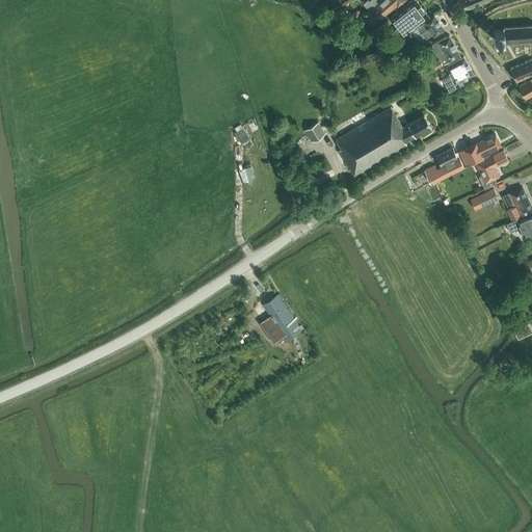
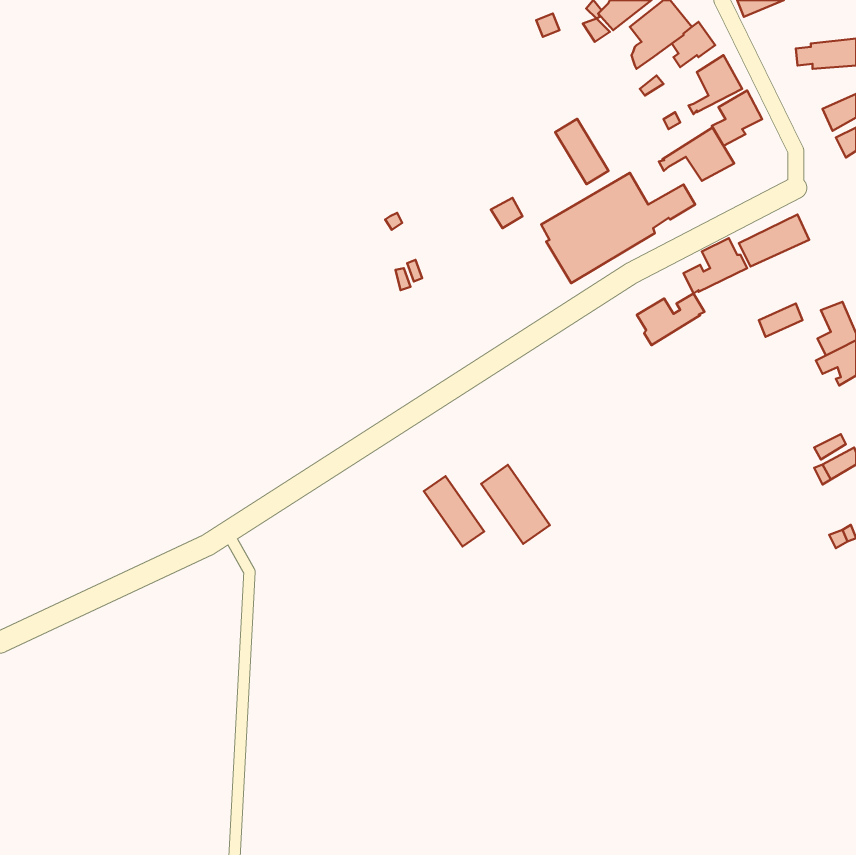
building: none -> [555,119,608,184]
building: none -> [659,127,734,181]
building: [475,150,509,189] -> none
building: none -> [637,293,705,345]
building: none -> [481,465,550,544]

